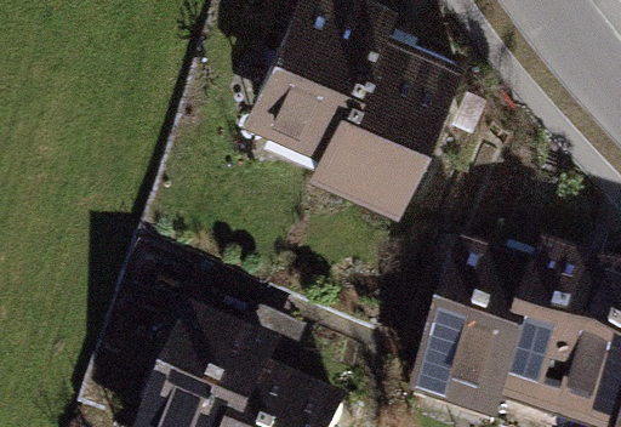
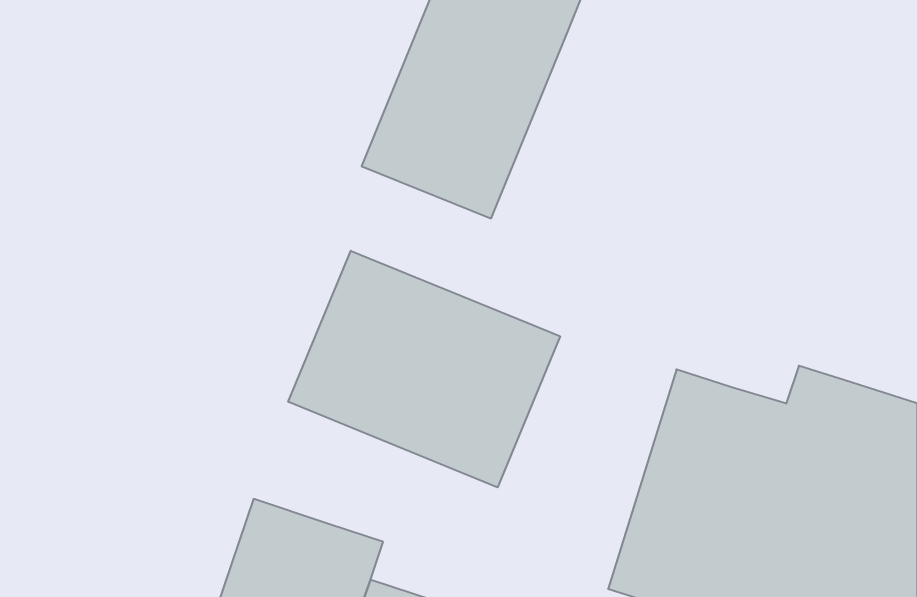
building: [324,22,468,204] -> none
building: none -> [288,251,560,487]

